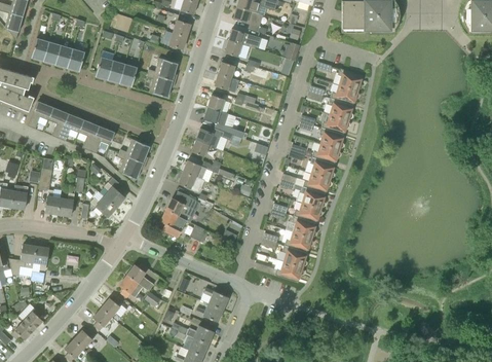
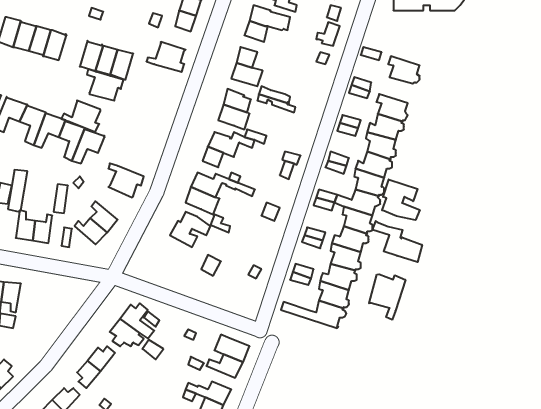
building: [146,73,175,98] -> [87,69,123,101]
building: [330,84,358,106] -> none
building: [118,139,149,164] -> [61,100,100,132]
building: none -> [382,179,420,220]
building: none -> [372,221,422,262]
building: [159,210,186,238] -> none
building: none -> [369,274,405,320]

